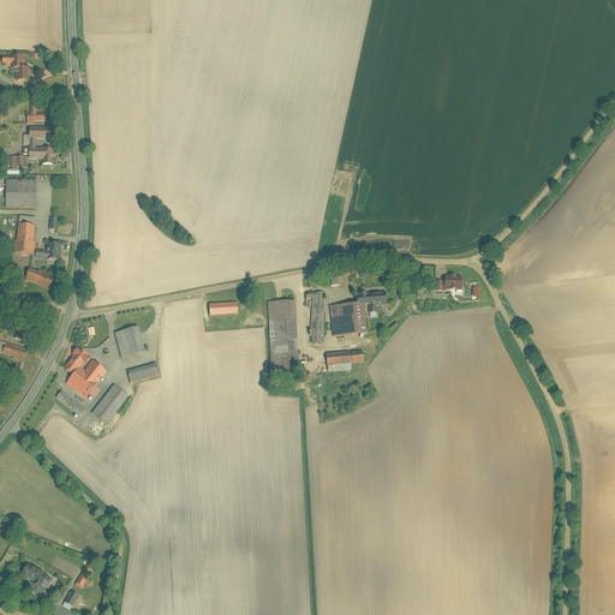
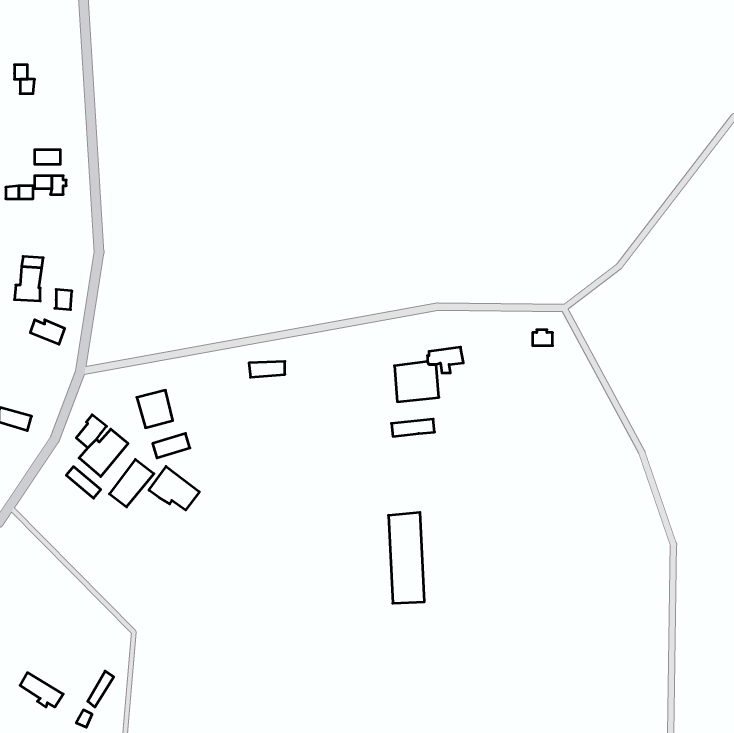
building: [6,178,36,205] -> none
building: [308,291,324,344] -> none
building: [268,299,298,375] -> [388,512,424,603]
building: none -> [149,466,199,510]

